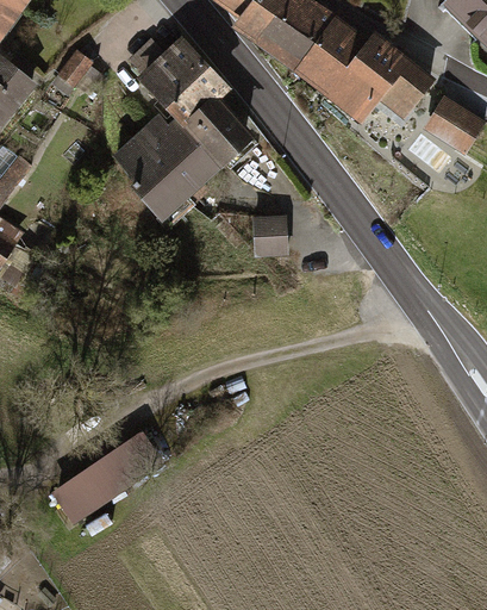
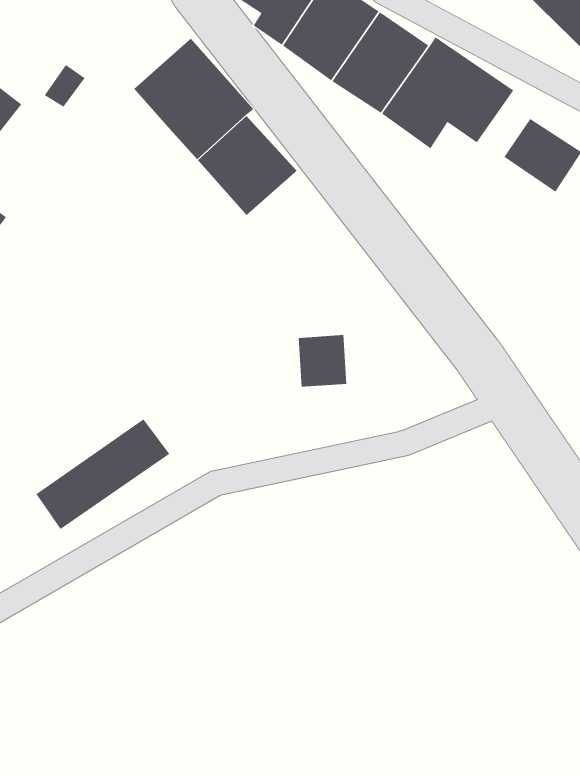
building: [106,102,220,218] -> none
building: [248,212,286,253] -> [298,335,347,387]
building: [54,436,157,522] -> [36,418,170,530]

